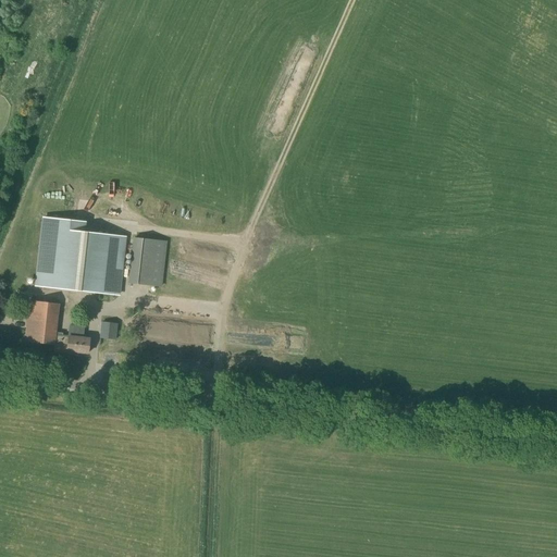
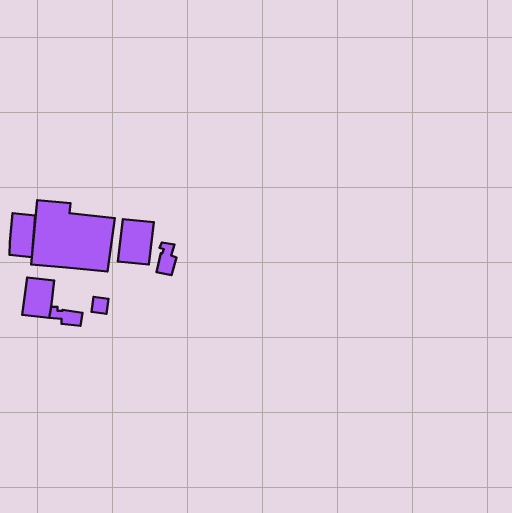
building: none -> [9,213,35,257]
building: none -> [157,242,177,275]

